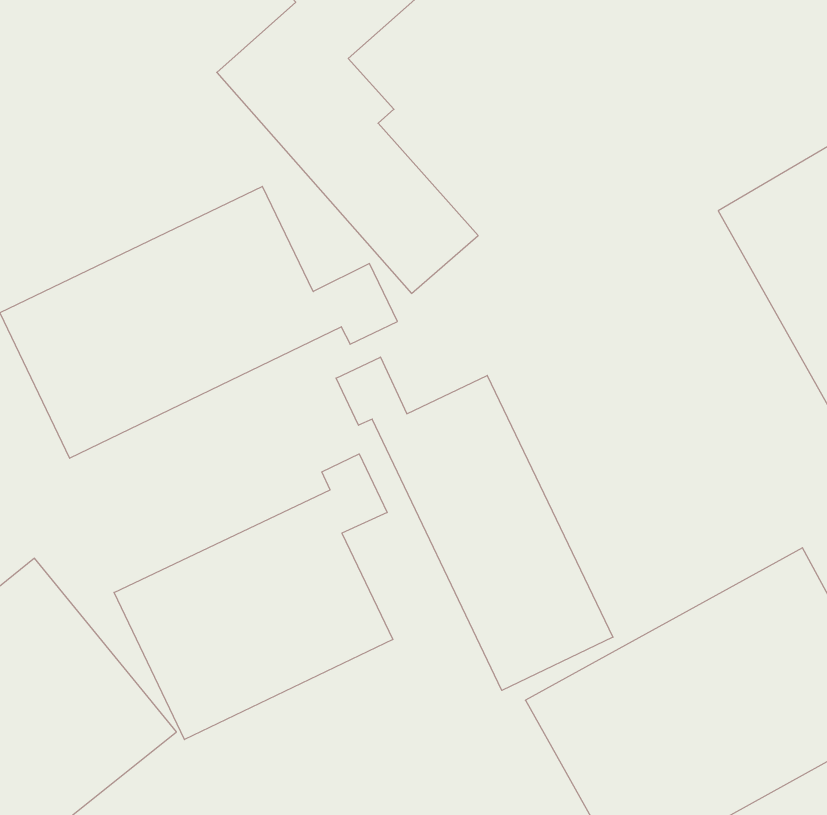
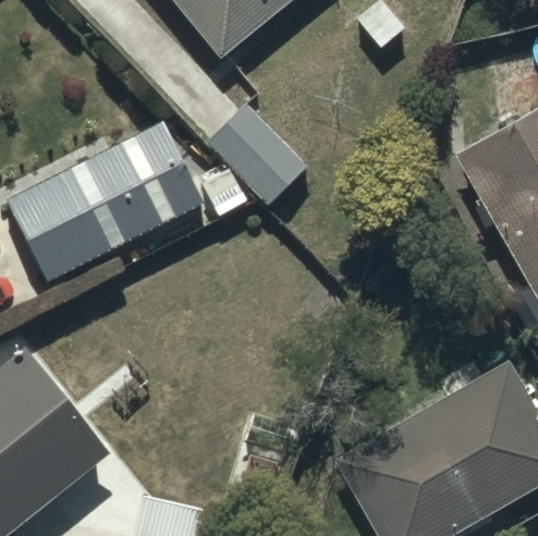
building: [336,357,613,690] -> none
building: [114,454,393,740] -> none

